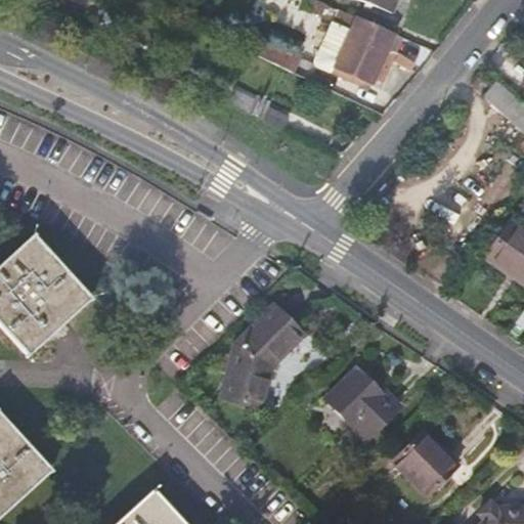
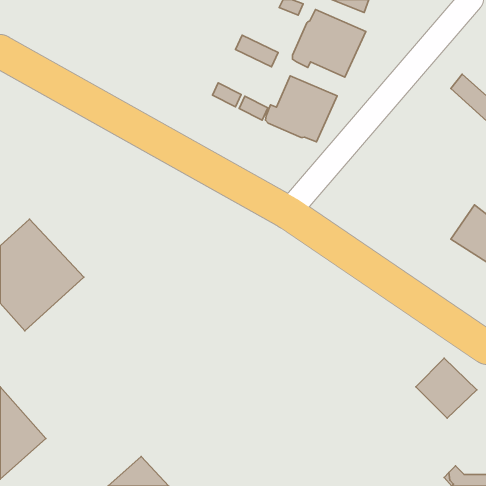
building: none -> [266,76,337,142]
building: [220,304,303,407] -> none
building: [325,367,400,440] -> none
building: [392,431,457,495] -> [416,358,477,418]

